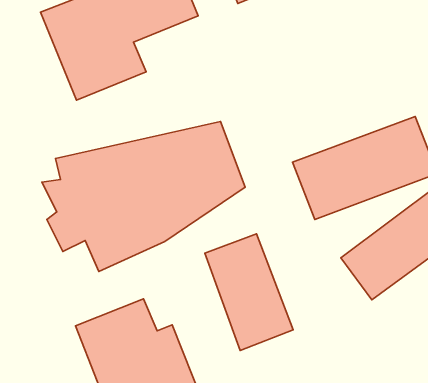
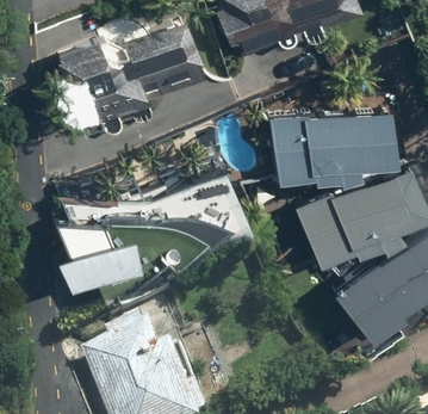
building: none -> [267,93,401,174]
building: [205,234,293,350] -> none

